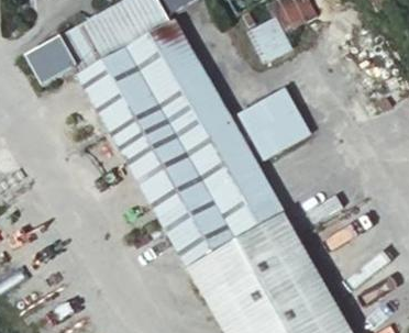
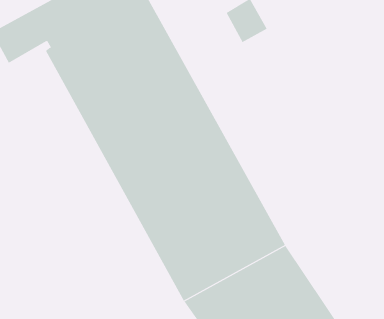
building: [241,89,308,157] -> none

